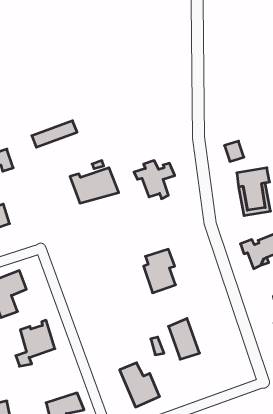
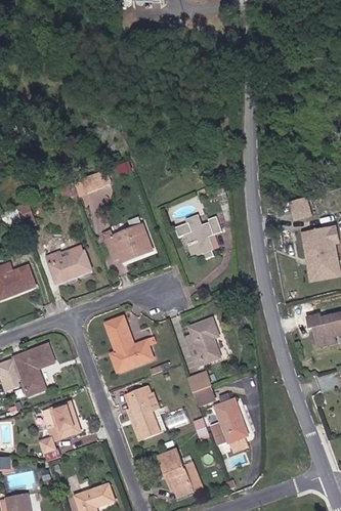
building: none -> [41,243,88,284]
building: none -> [105,315,160,375]
building: none -> [190,372,219,408]
building: none -> [126,386,166,440]

